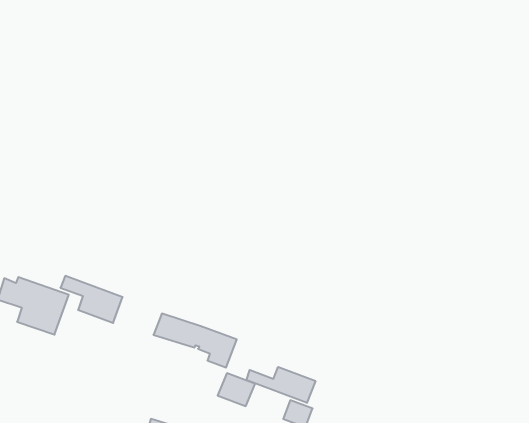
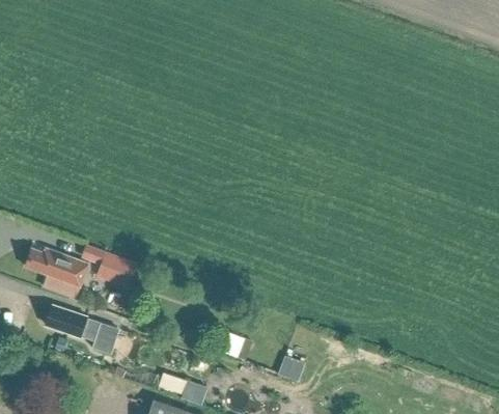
building: [153,314,237,368] -> [45,306,118,354]
building: [246,367,315,403] -> none

